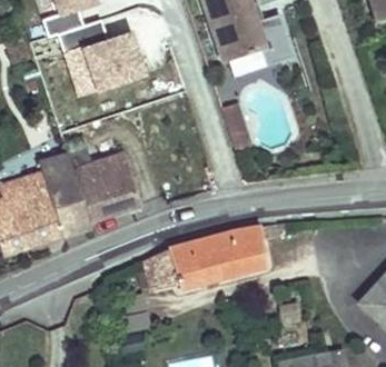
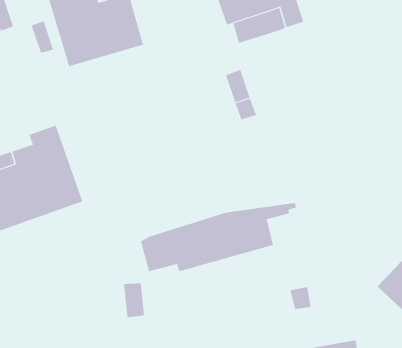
building: [70,149,141,219] -> none

